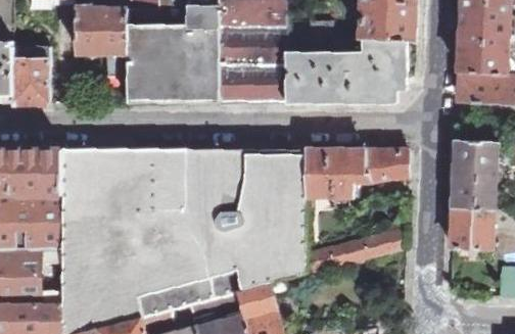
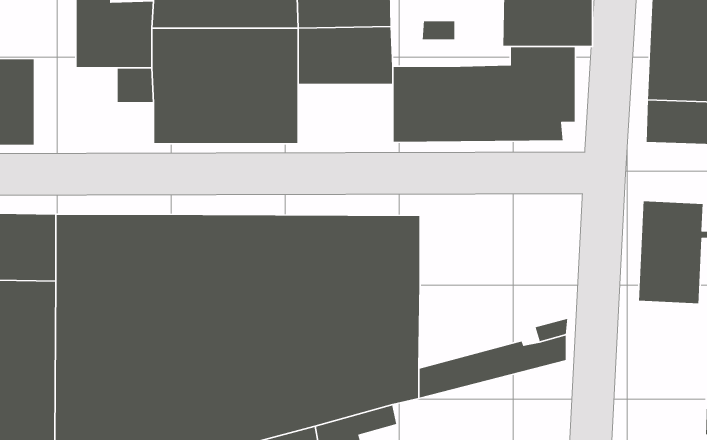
building: [224,62,287,102] -> none
building: [306,150,407,196] -> none
building: [450,207,493,248] -> none

